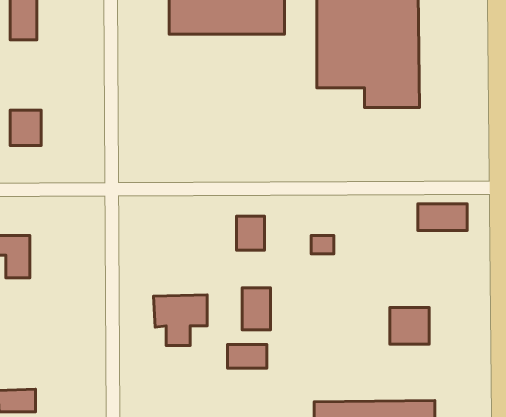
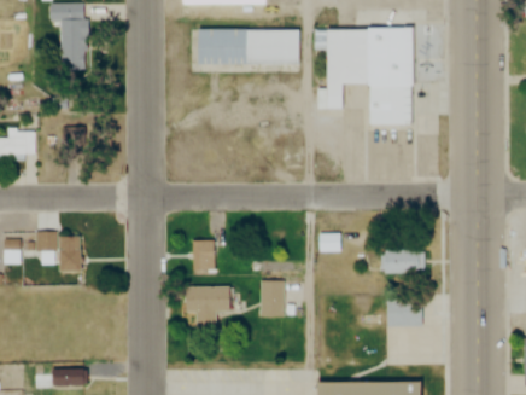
building: [418,204,467,231] -> [384,251,426,274]
building: [236,216,265,250] -> [193,242,217,271]
building: [228,345,267,368] -> none

